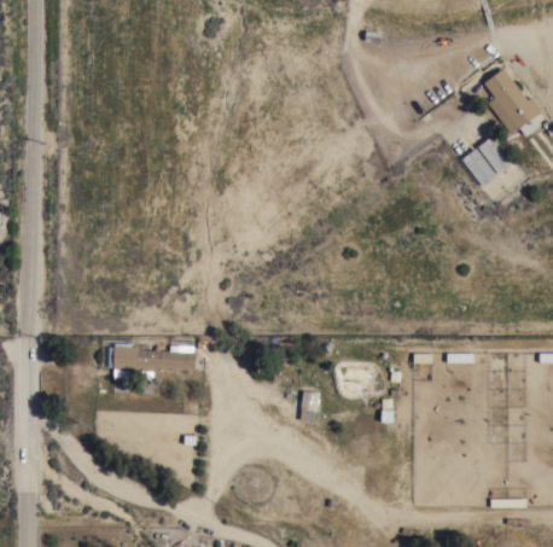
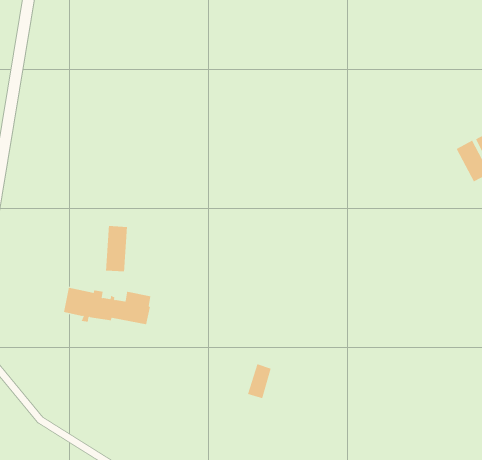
building: none -> [106,225,128,272]

